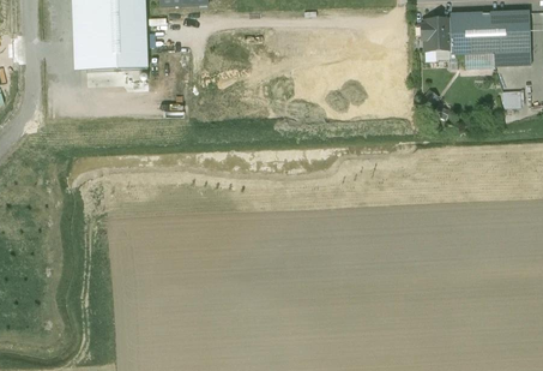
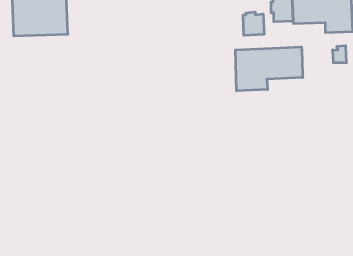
building: none -> [243,12,264,35]
building: none -> [235,47,303,91]

